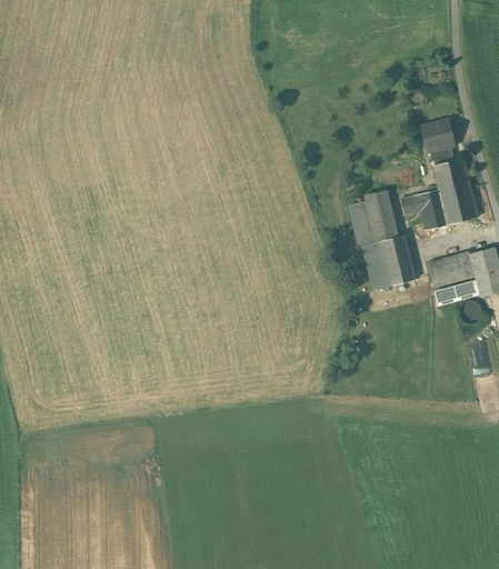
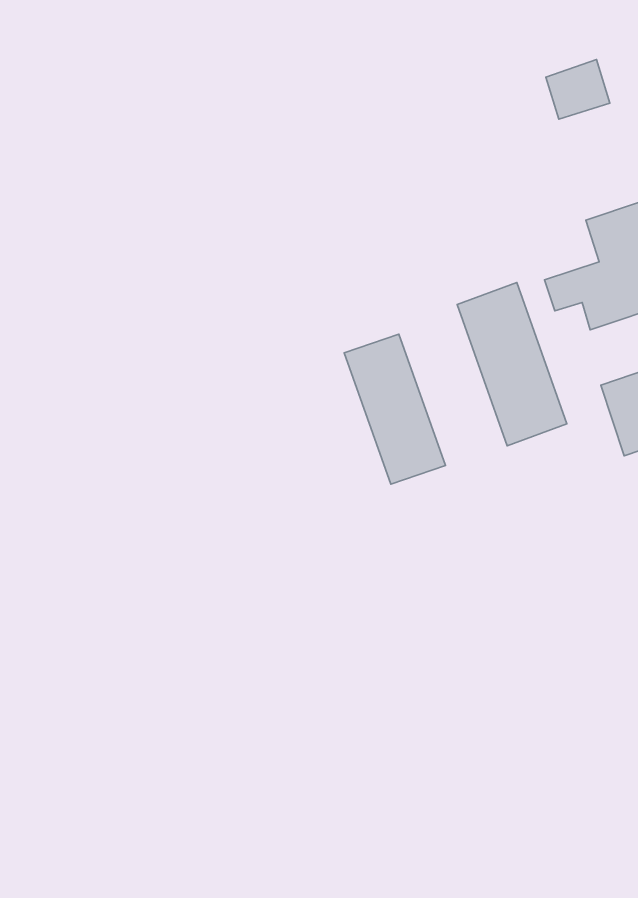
building: [420,123,457,157] -> [546,60,610,119]
building: none -> [344,334,446,484]

